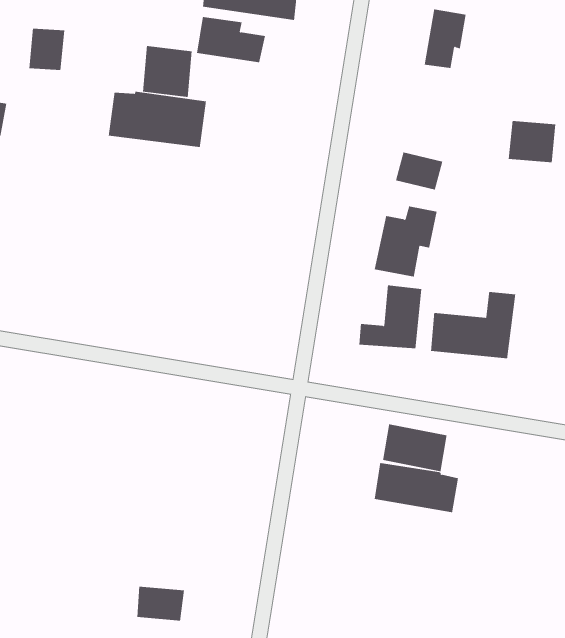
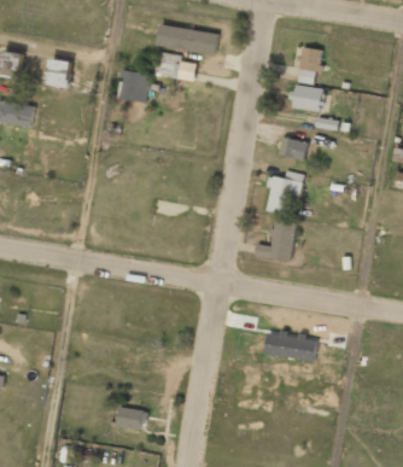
building: [108,91,206,148] -> none
building: [508,120,556,163] -> [292,84,322,111]
building: [431,291,516,359] -> none
building: [382,423,447,472] -> none

